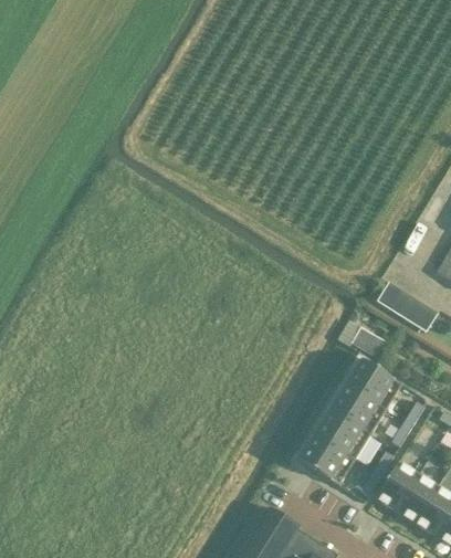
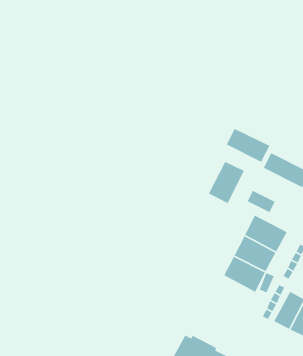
building: none -> [226,128,270,163]
building: none -> [208,161,245,204]
building: [297,435,354,486] -> none

